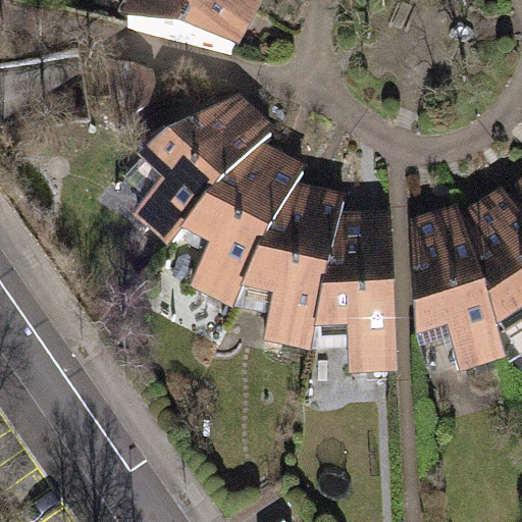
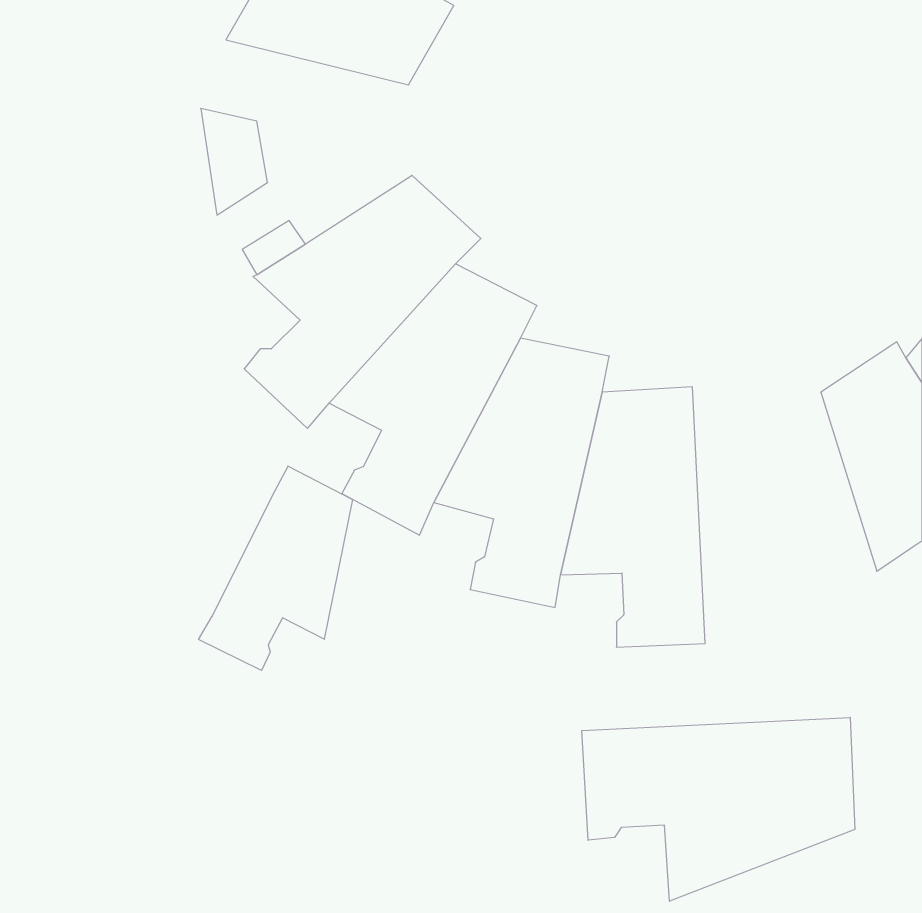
building: [410,212,504,364] -> none
building: none -> [199,466,352,670]
building: none -> [582,717,855,901]

